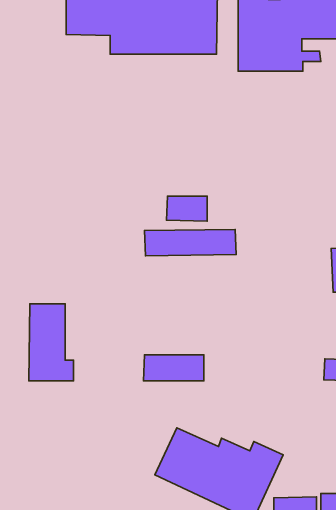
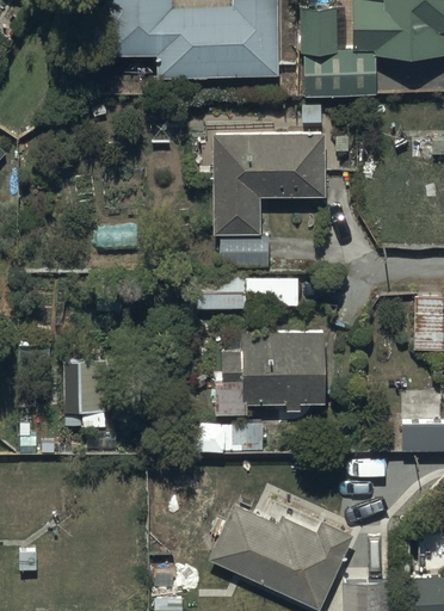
building: none -> [216,132,327,234]
building: none -> [212,333,327,414]

